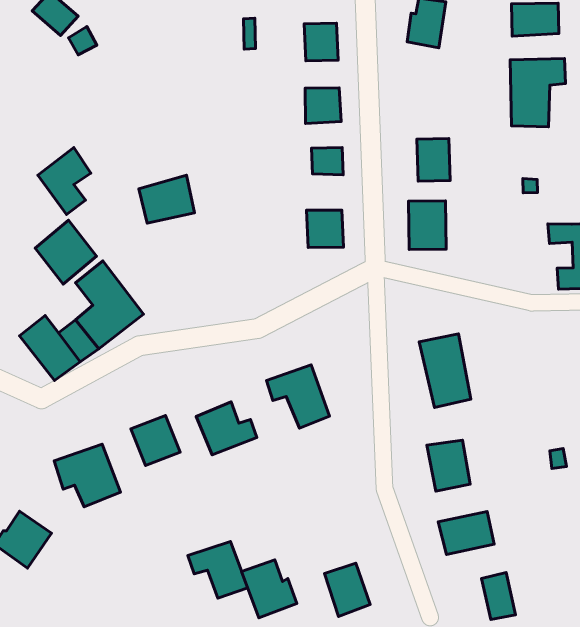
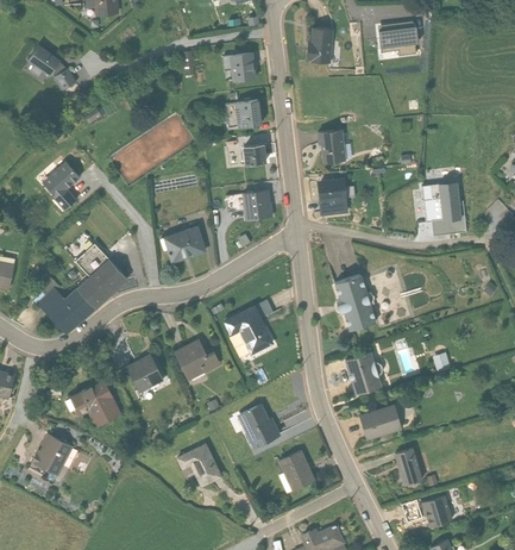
building: [510,58,566,127] -> none
building: [139,175,195,223] -> [164,224,207,262]
building: [35,220,96,284] -> none
building: [242,560,297,618] -> [238,402,281,446]

